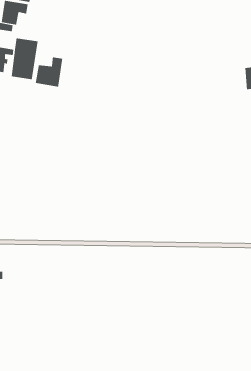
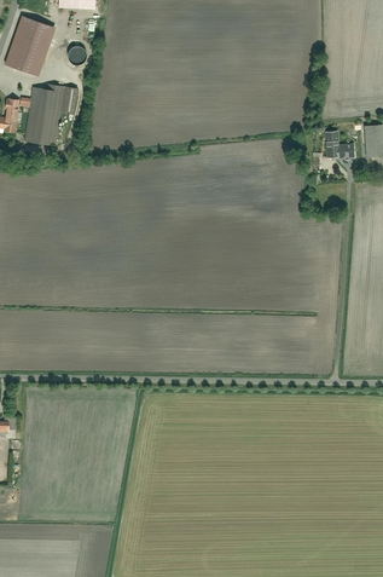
building: [35,57,63,88] -> none
building: none -> [324,133,356,162]

